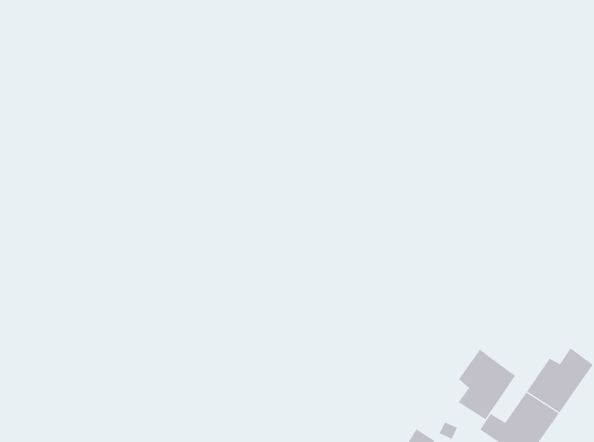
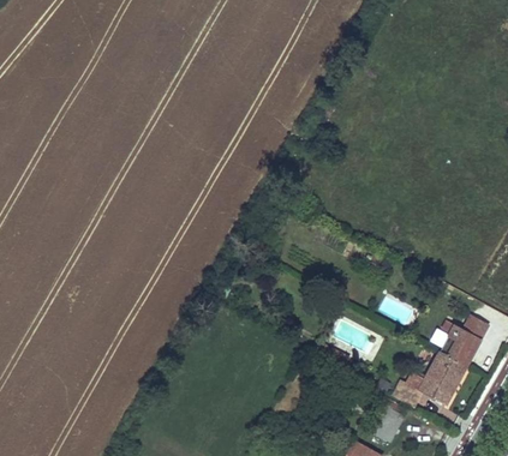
building: [458,349,516,420] -> none

